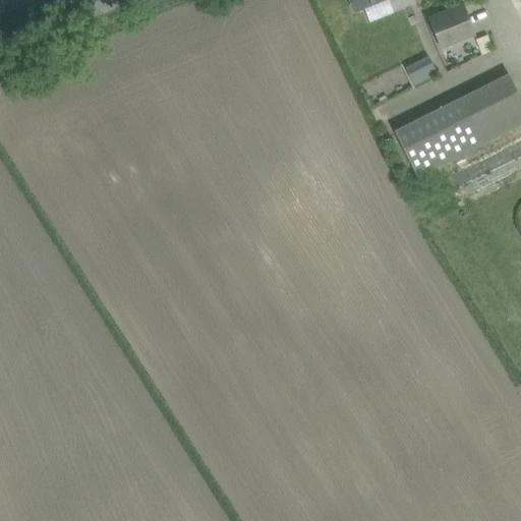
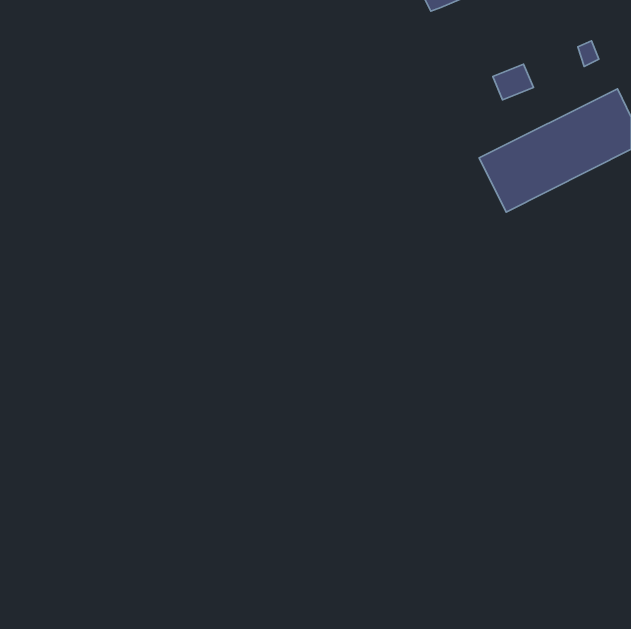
building: [429,4,474,46] -> none

